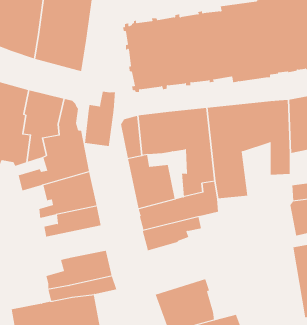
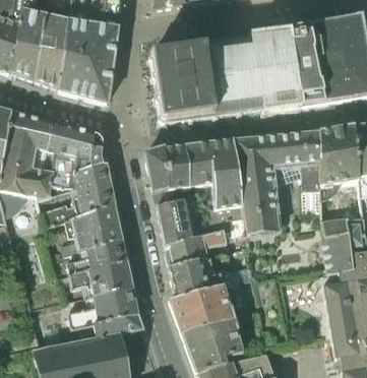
building: [84,91,116,147] -> none
building: none -> [69,260,132,294]
building: none -> [170,269,239,331]

